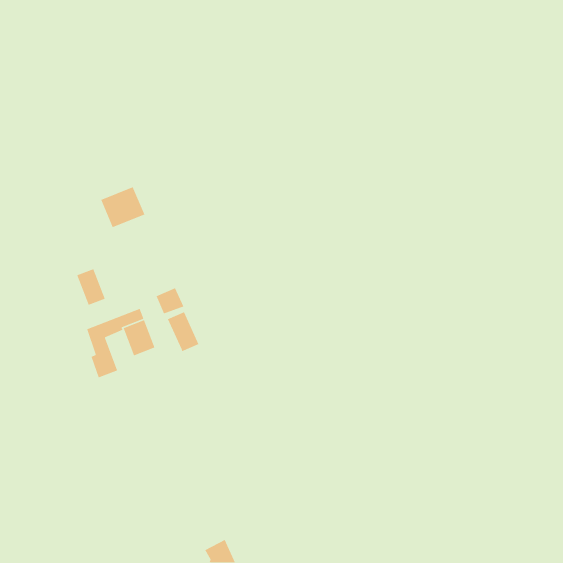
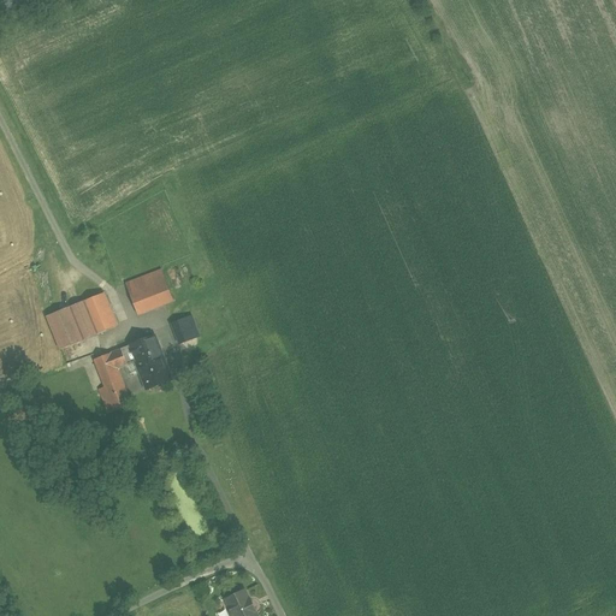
building: [100,186,145,228] -> [124,268,173,314]
building: none -> [45,300,96,350]
building: [167,311,199,352] -> none

